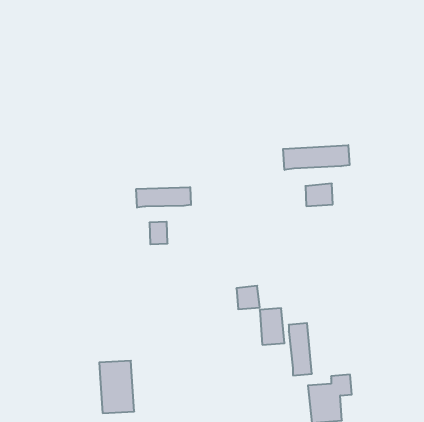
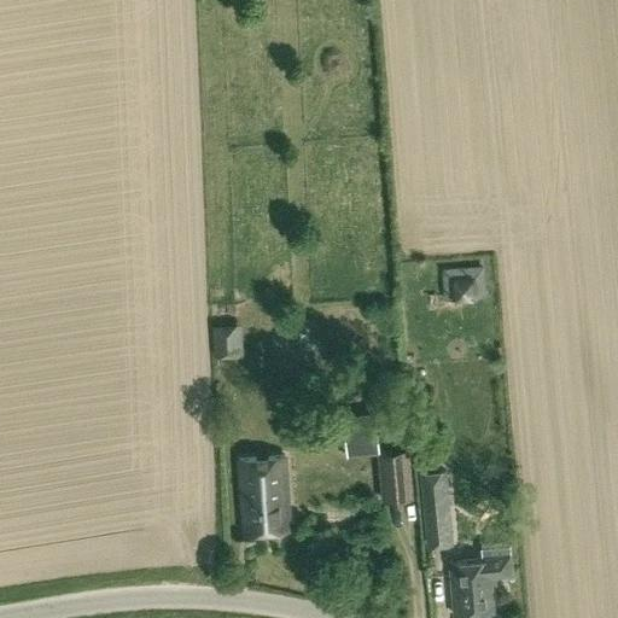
building: [283,145,350,170] -> none
building: [136,187,191,208] -> none
building: [99,361,134,413] -> [239,459,290,535]

